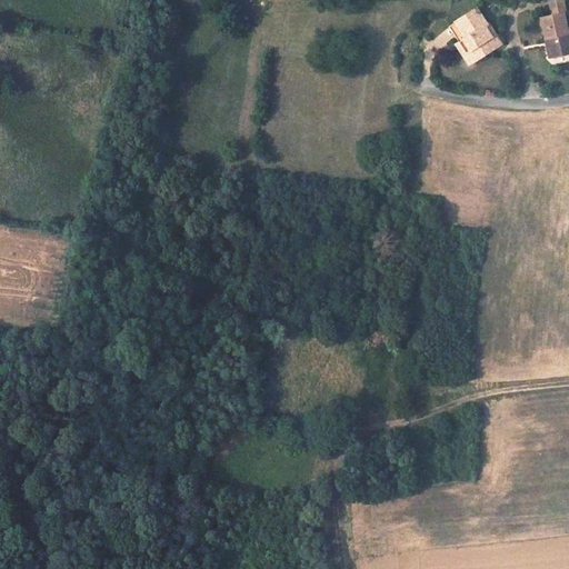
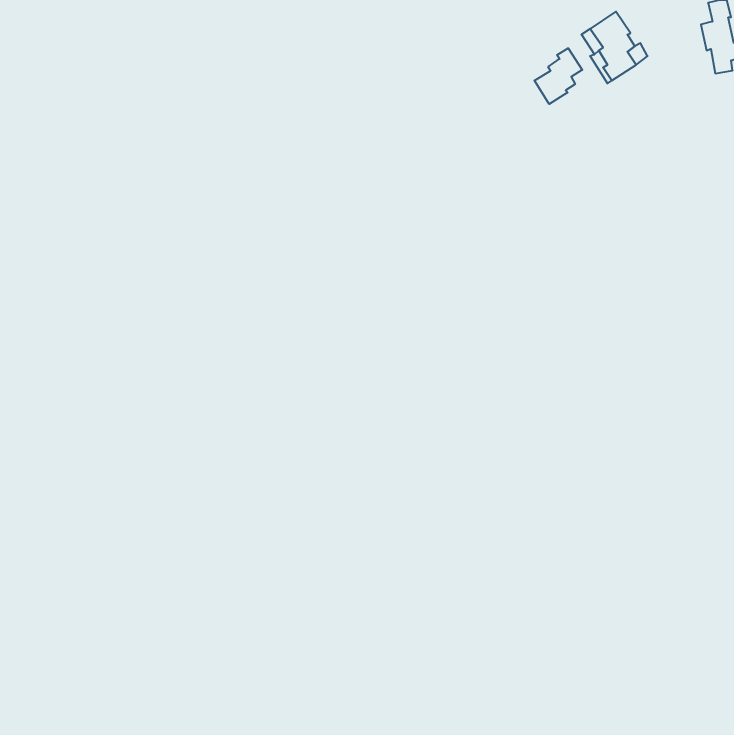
building: none -> [534,48,582,104]

